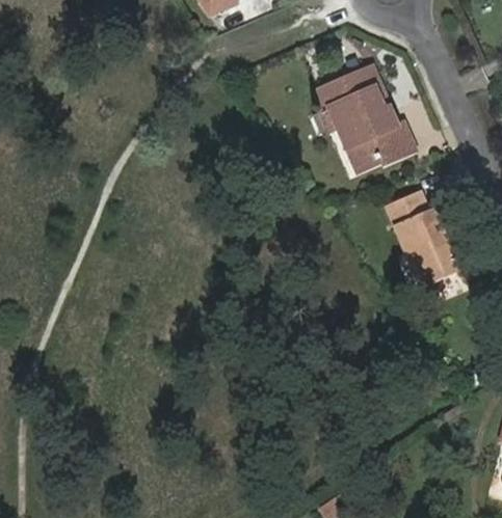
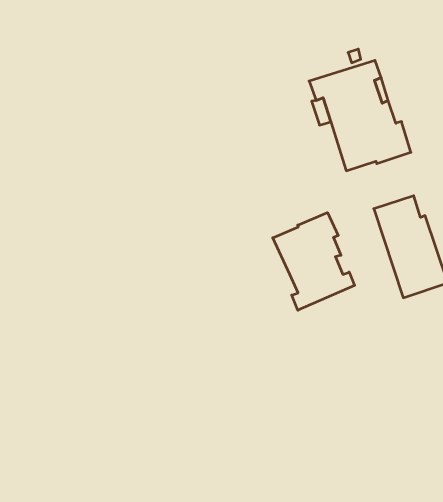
building: none -> [273,213,355,310]

